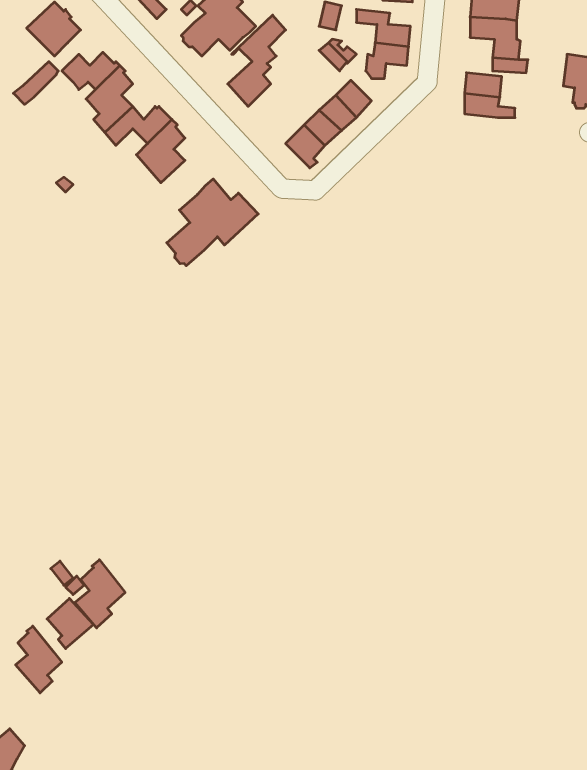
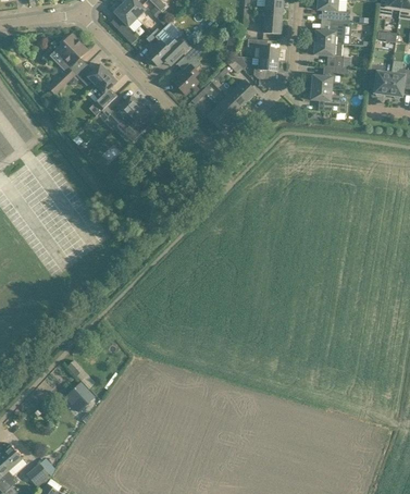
building: [167,179,258,266] -> none
building: [75,560,125,628] -> none
building: [16,626,62,693] -> none

